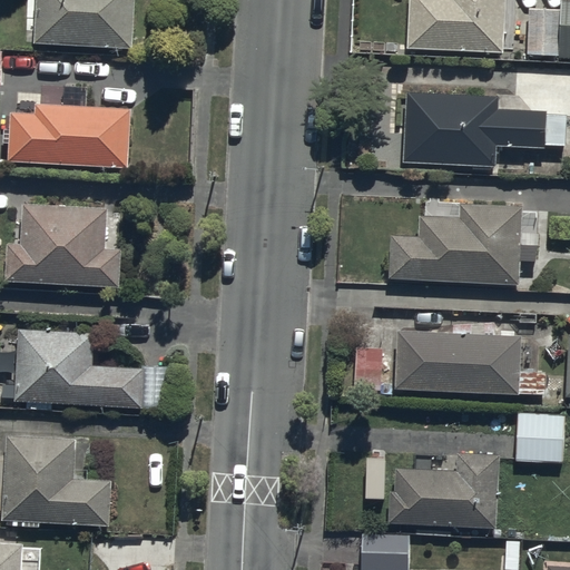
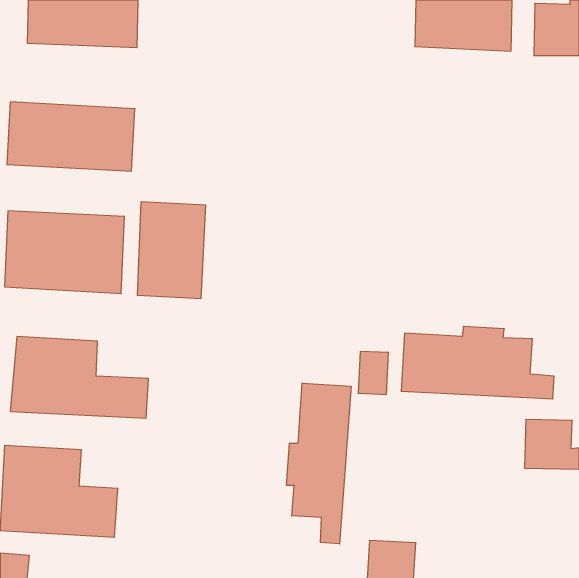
building: [404,90,564,170] -> none
building: none -> [138,202,206,299]
building: [387,203,534,284] -> none
building: none -> [287,383,351,544]
building: [387,451,500,527] -> none

